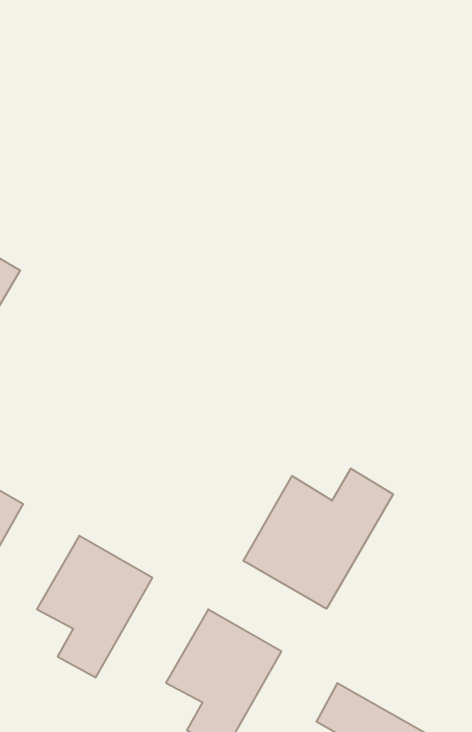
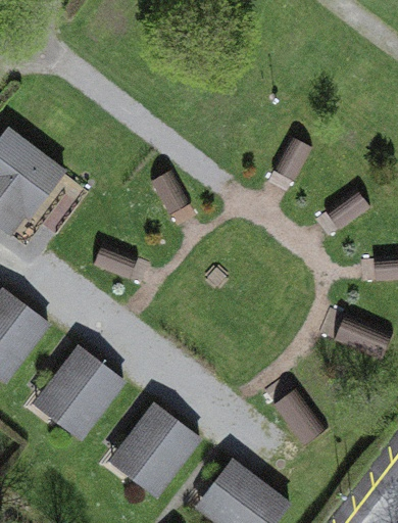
building: [243,468,393,609] -> none

